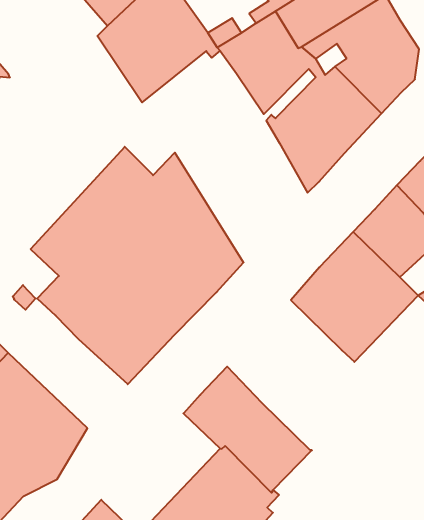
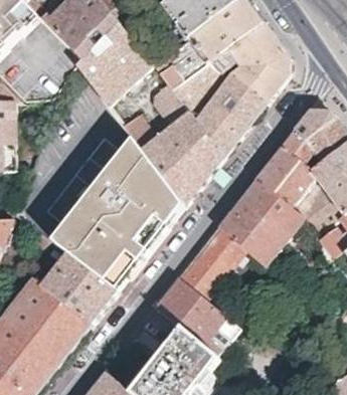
building: none -> [125,83,223,207]
building: none -> [180,229,254,299]
building: none -> [40,252,116,325]

